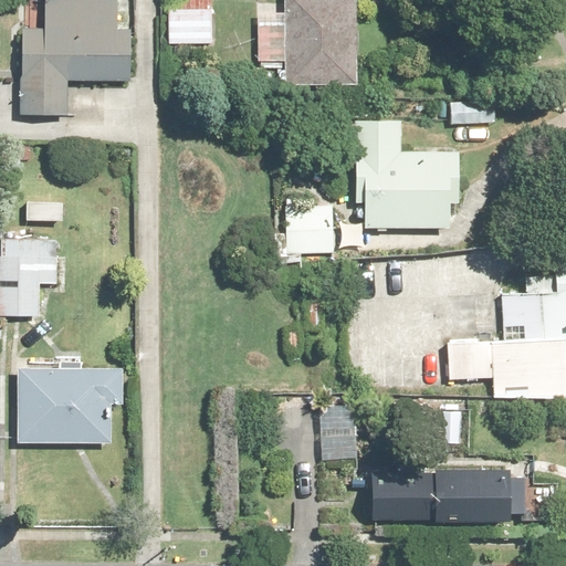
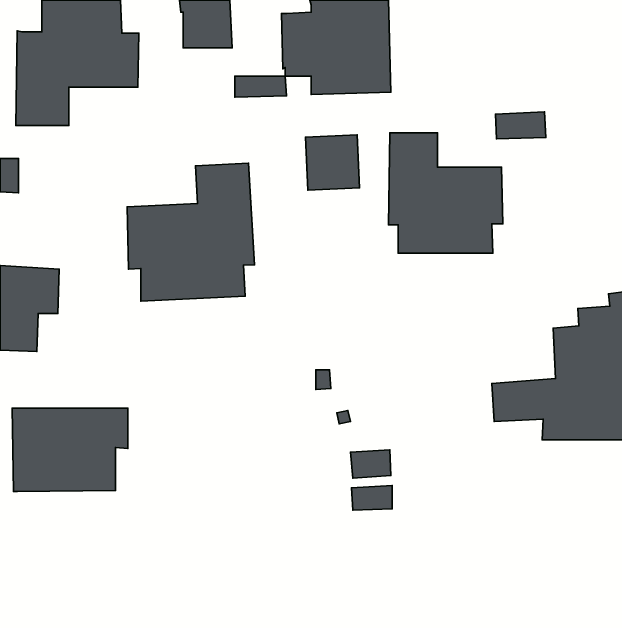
building: none -> [127,163,254,301]
building: [286,203,335,253] -> [306,135,360,190]
building: [371,469,533,522] -> none

